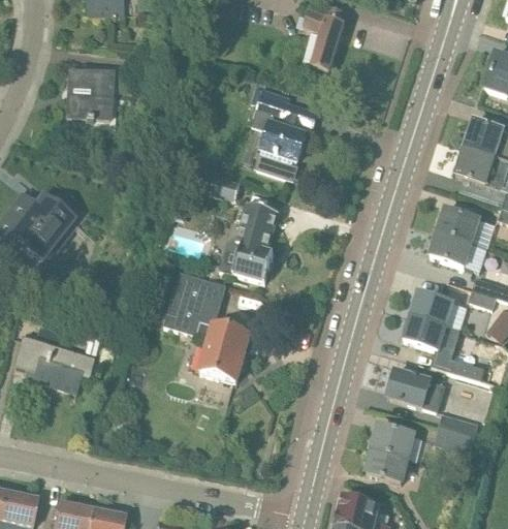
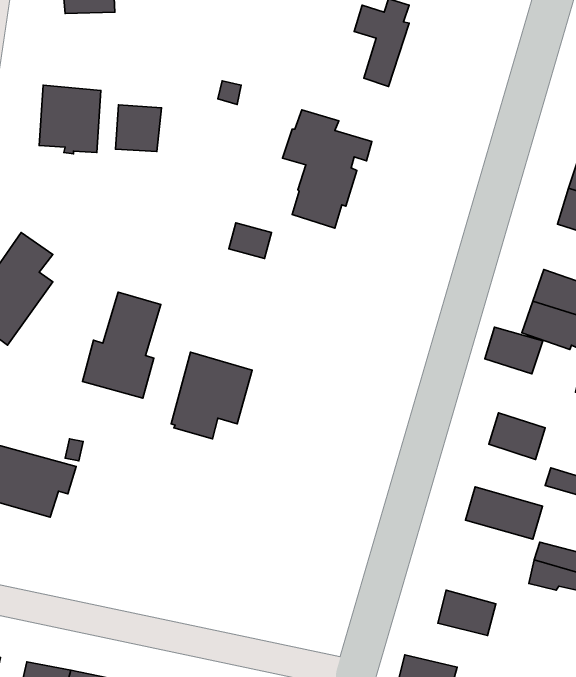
building: none -> [115,105,162,152]
building: [219,201,278,281] -> [82,292,161,398]
building: [411,291,454,326] -> [485,327,543,374]
building: [196,319,250,381] -> none
building: [372,424,416,459] -> none

